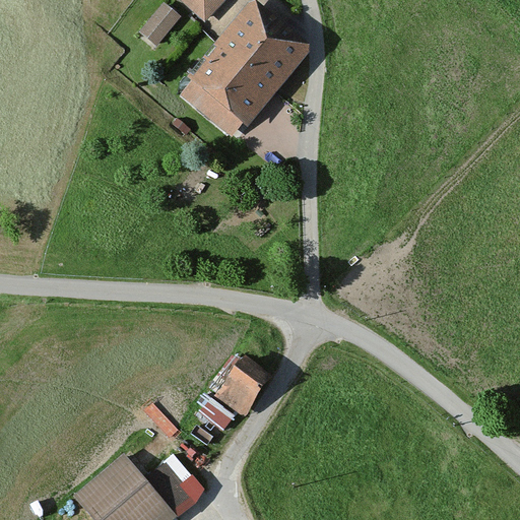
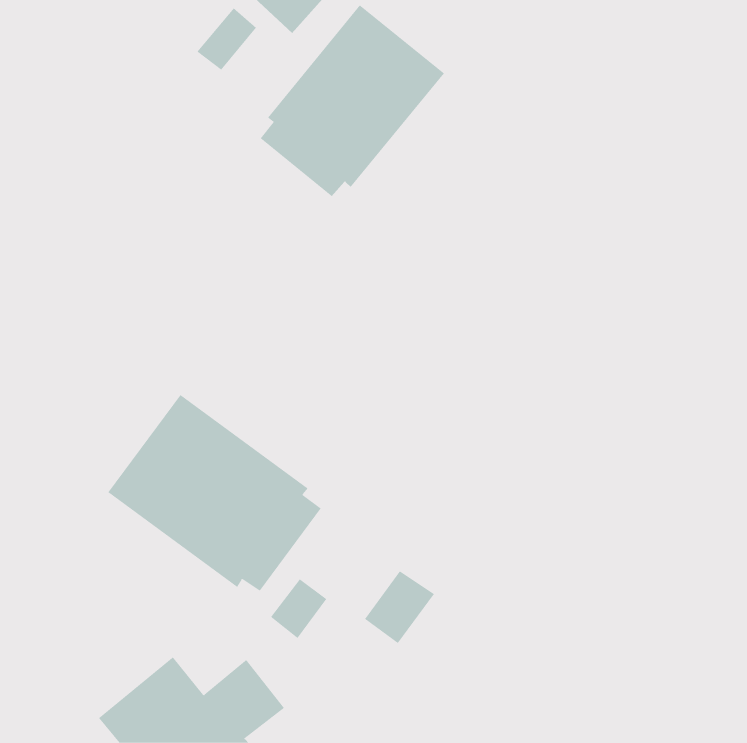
building: none -> [108,394,321,592]
building: [218,360,267,410] -> [364,571,435,644]

